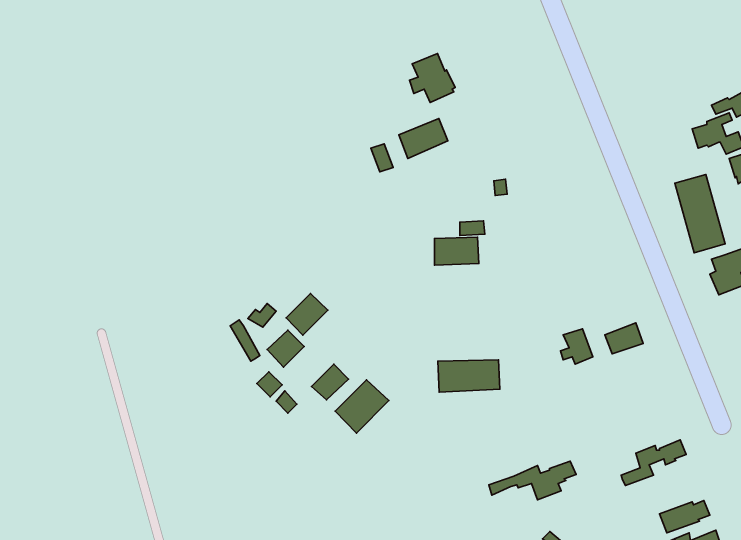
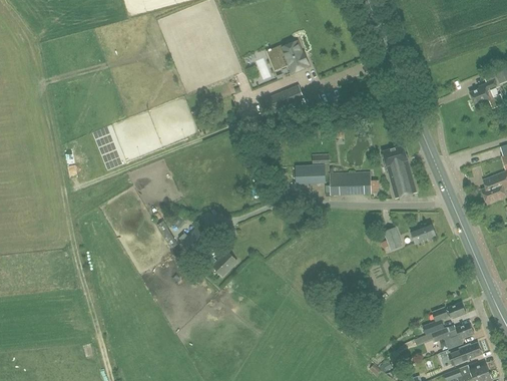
building: [675,174,725,253] -> [383,144,417,198]
building: [286,294,328,335] -> none
building: [438,360,500,392] -> [330,172,372,195]
building: [335,380,389,433] -> none
building: [489,461,576,500] -> [415,323,474,349]

